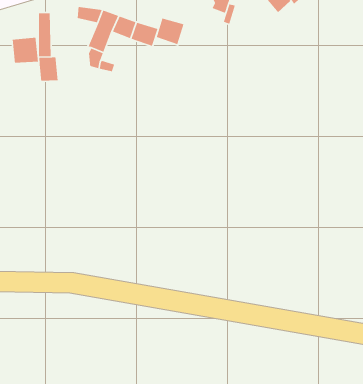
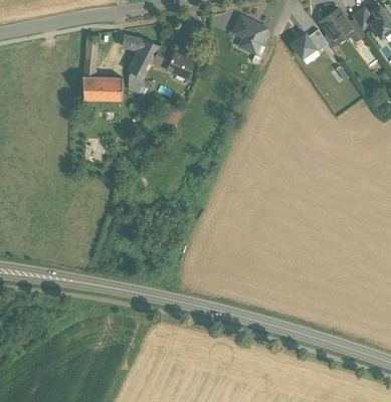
building: [156,17,185,45] -> none
building: [12,37,39,64] -> [100,77,122,100]

